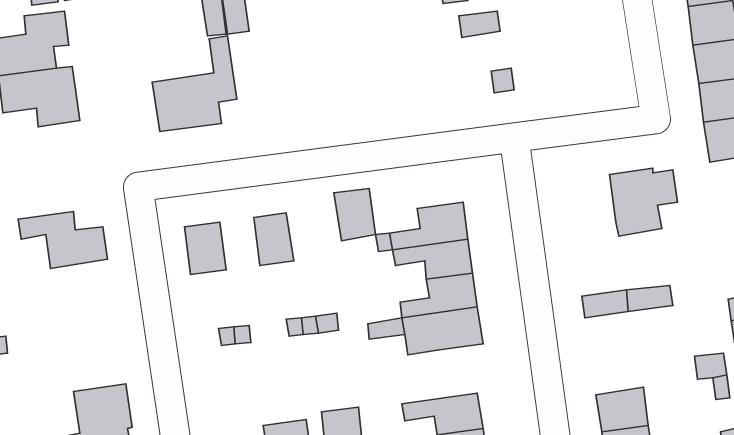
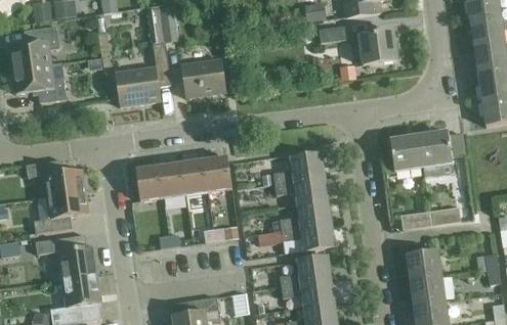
building: none -> [349,31,396,62]
building: none -> [181,59,226,96]
building: none -> [389,134,423,170]
building: [334,188,375,241] -> [204,156,231,191]
building: none -> [160,163,186,197]
building: none -> [34,190,88,232]
building: none -> [35,234,97,278]
building: none -> [407,249,441,280]
building: none -> [280,256,331,286]

